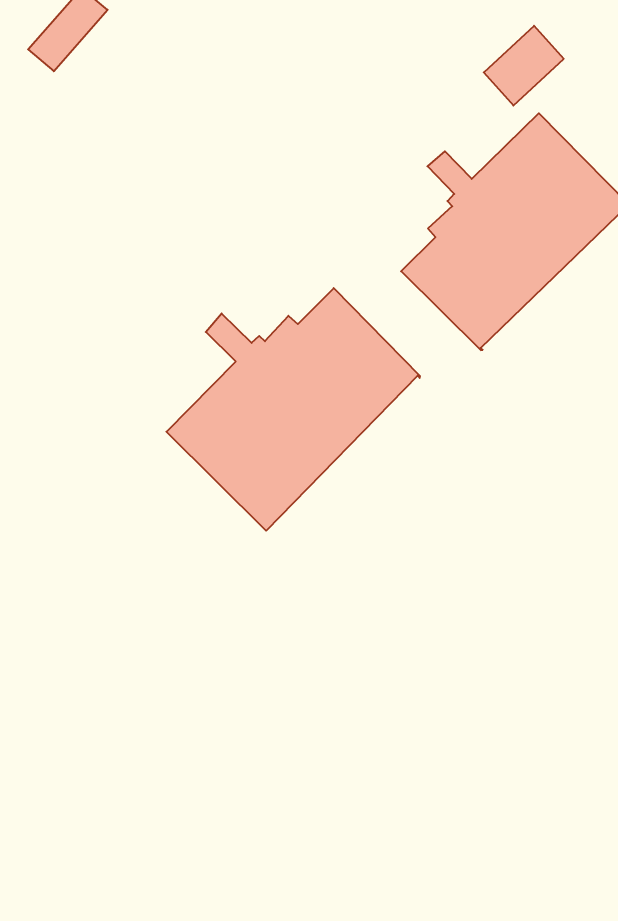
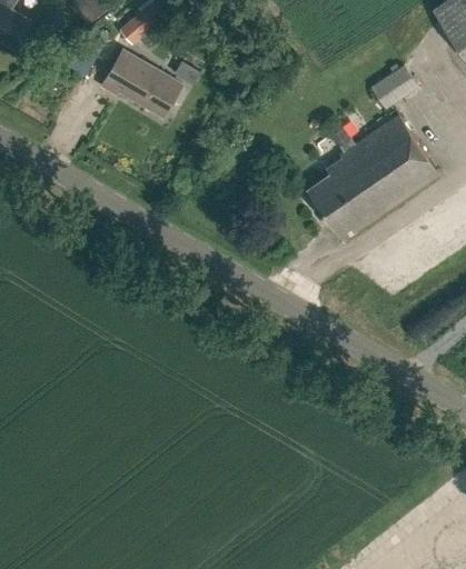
building: none -> [101,49,181,116]
building: [166,288,420,531] -> none

